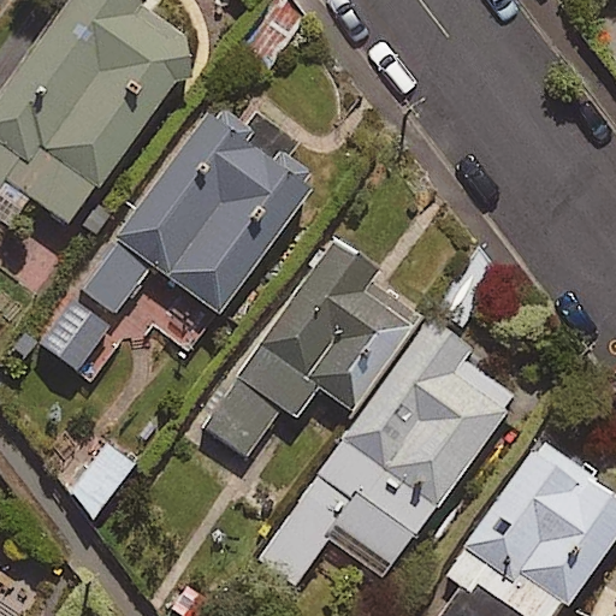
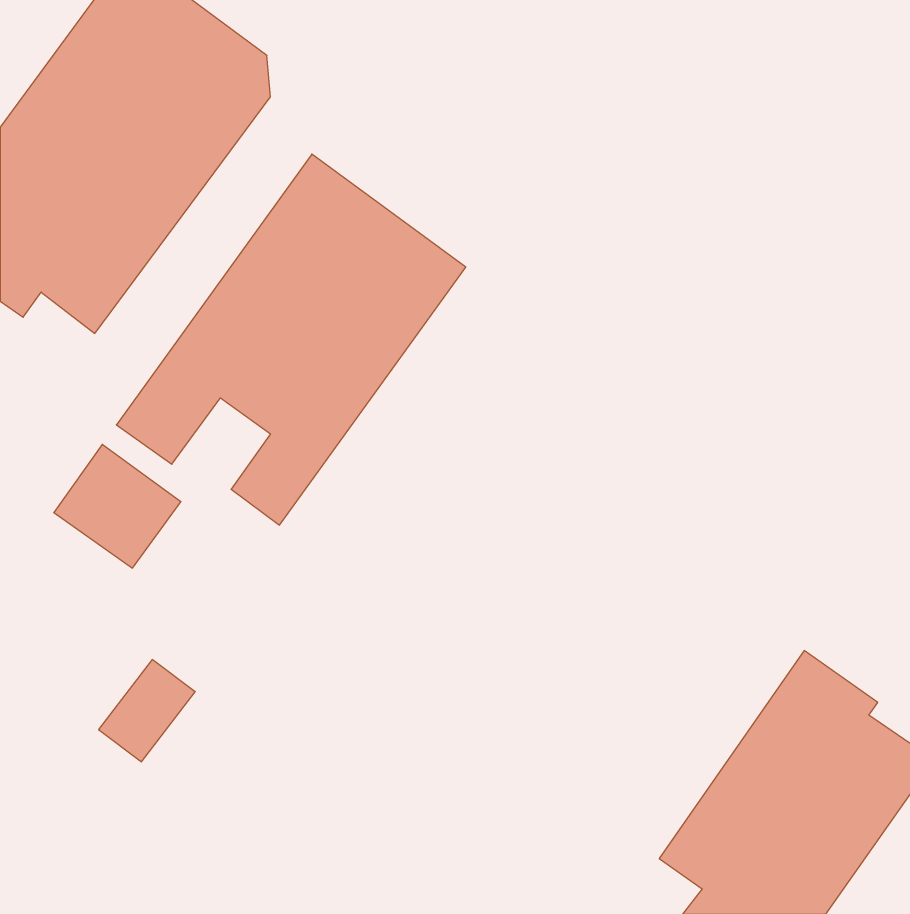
building: [205,242,420,456] -> none
building: [259,318,515,585] -> none

